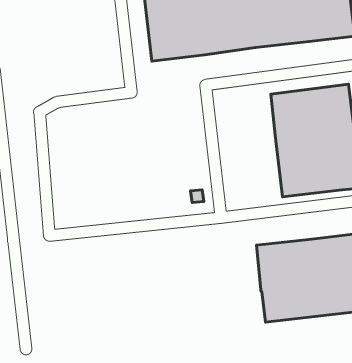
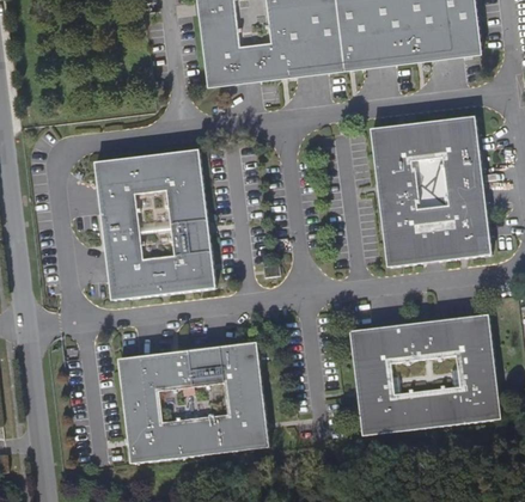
building: none -> [94,149,214,299]
building: none -> [118,342,269,464]

